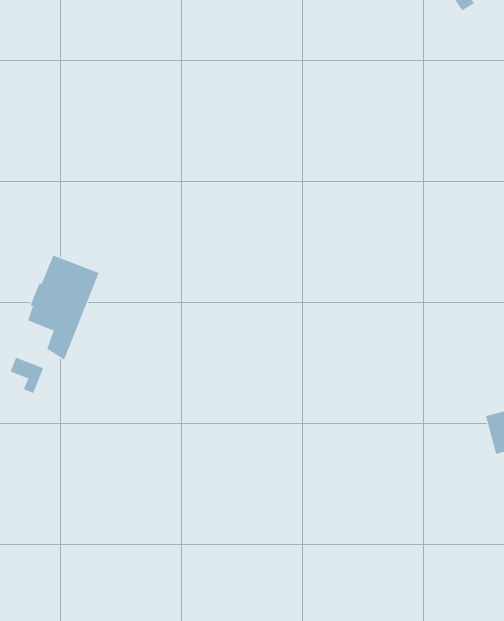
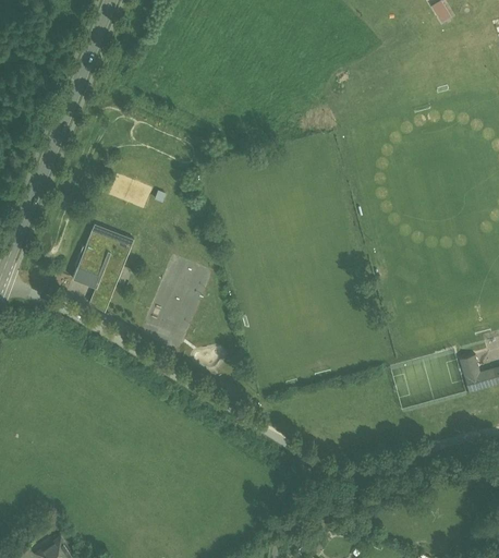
building: [10,357,44,394] -> none

